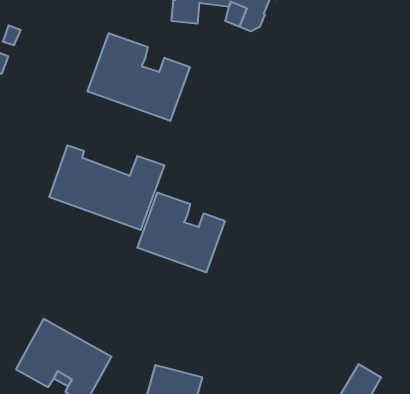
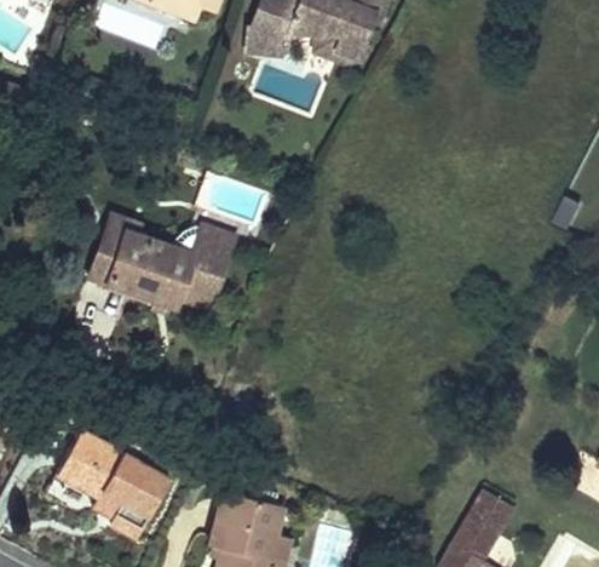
building: [87,33,190,121] -> none
building: [137,192,225,272] -> none

